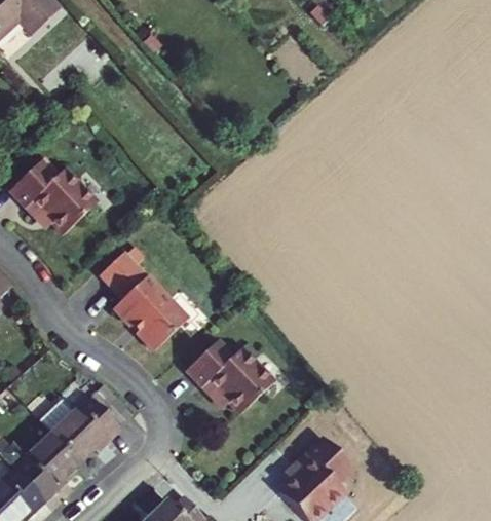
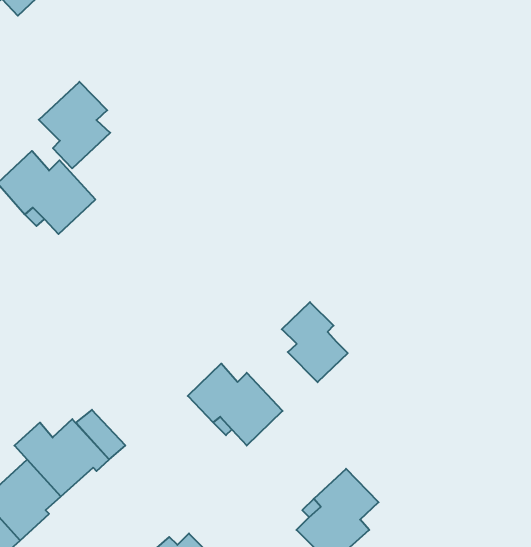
building: none -> [39,82,110,168]
building: [103,254,188,351] -> none
building: none -> [282,302,348,382]

